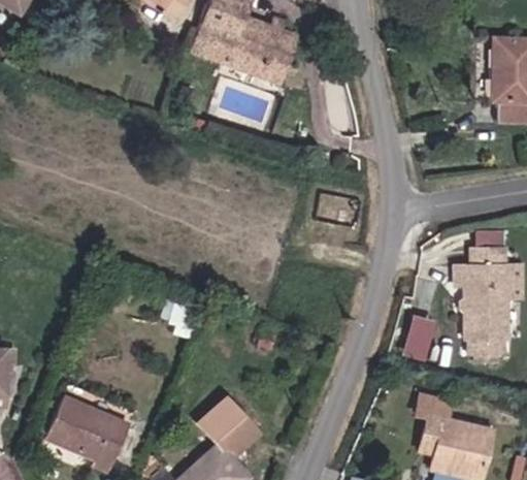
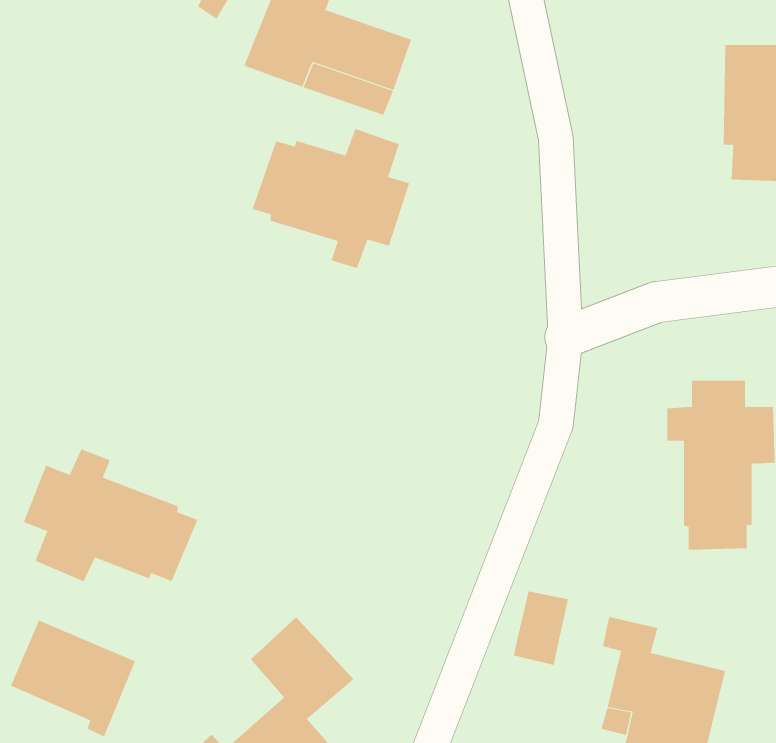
building: none -> [252,128,410,269]
building: none -> [23,448,198,582]
building: [401,311,436,357] -> [513,591,569,665]

